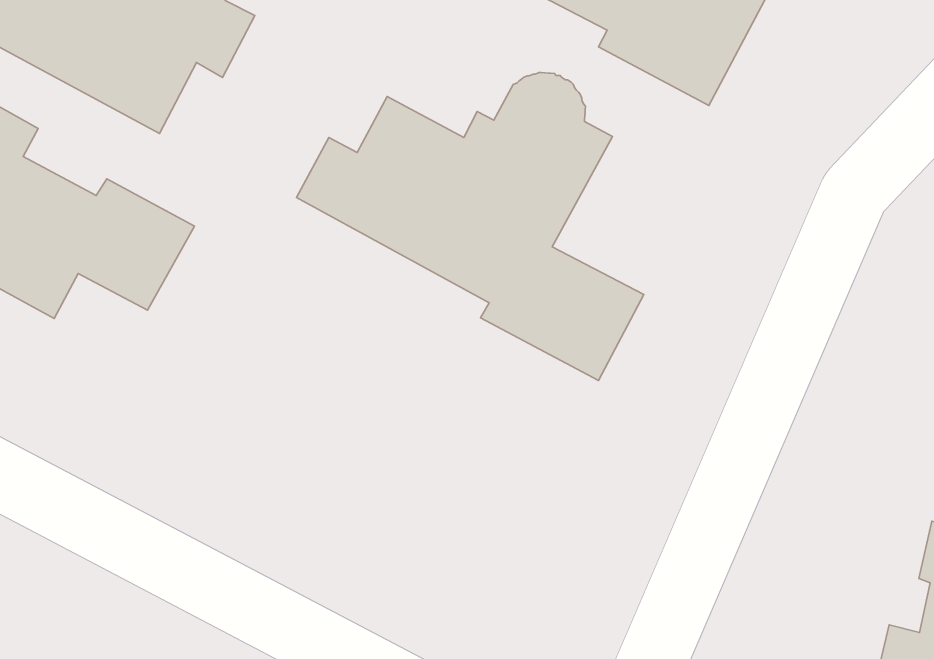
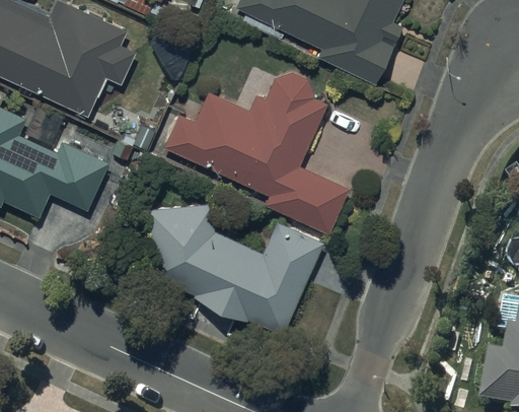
building: none -> [143,199,318,330]

